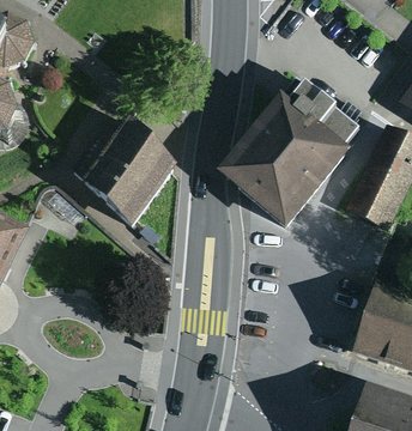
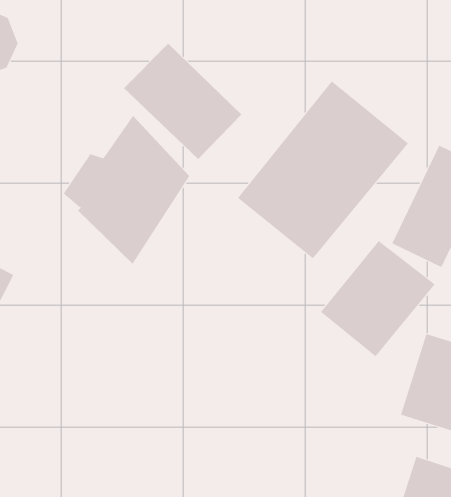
building: none -> [123,43,242,160]
building: none -> [320,240,436,357]

